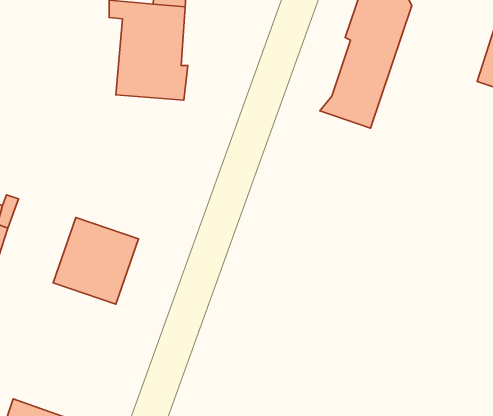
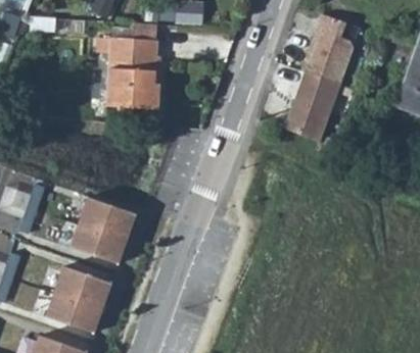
building: none -> [47,269,112,337]

